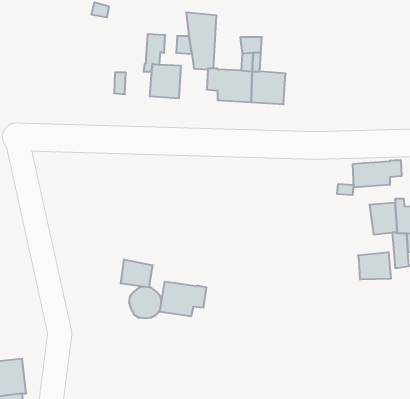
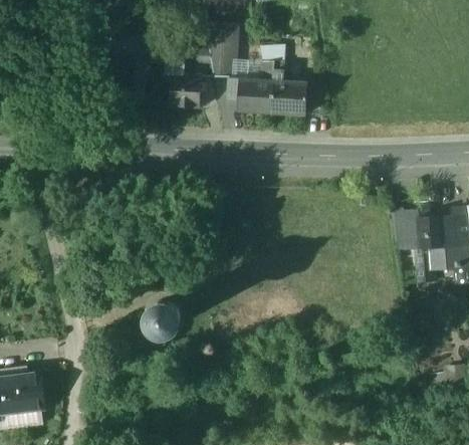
building: [353,160,402,188] -> none
building: [358,252,391,280] -> none
building: [121,259,153,287] -> none
building: [160,282,206,316] -> none

